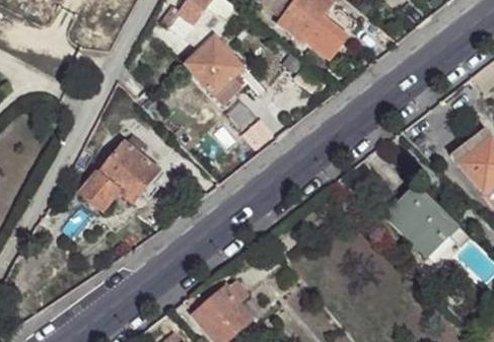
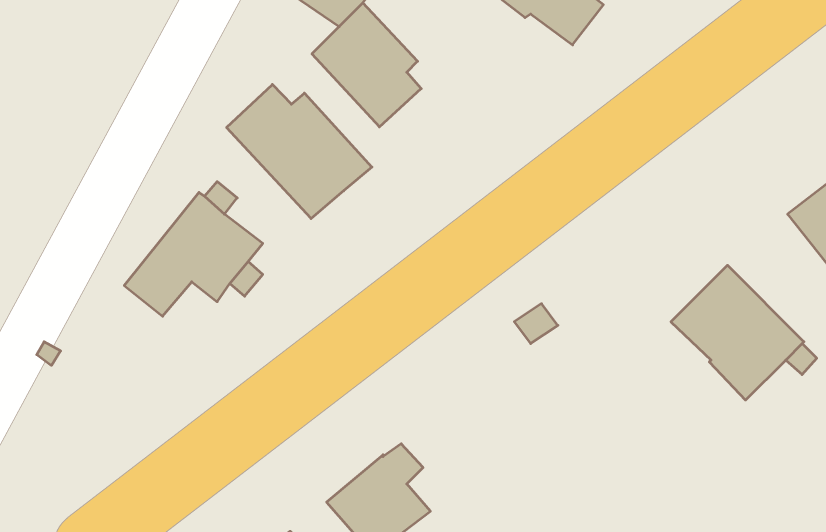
building: none -> [227,84,372,219]

